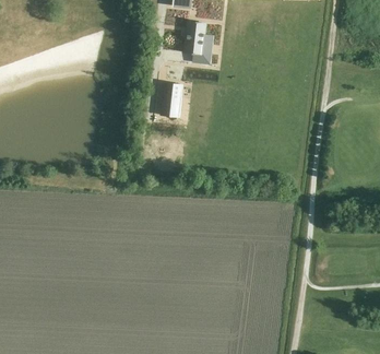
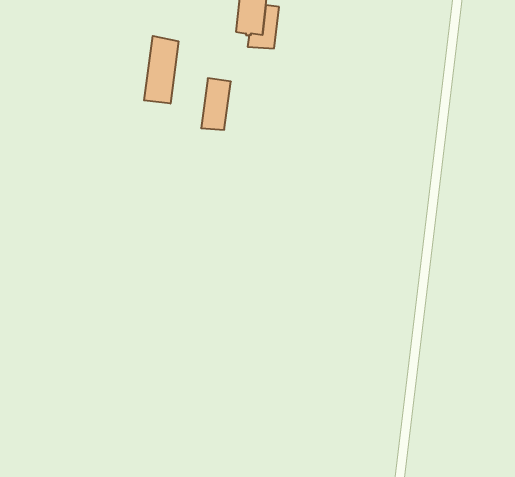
building: none -> [144,36,178,104]

